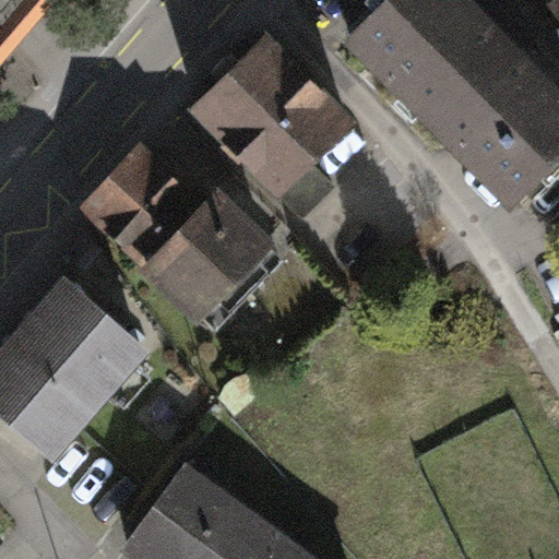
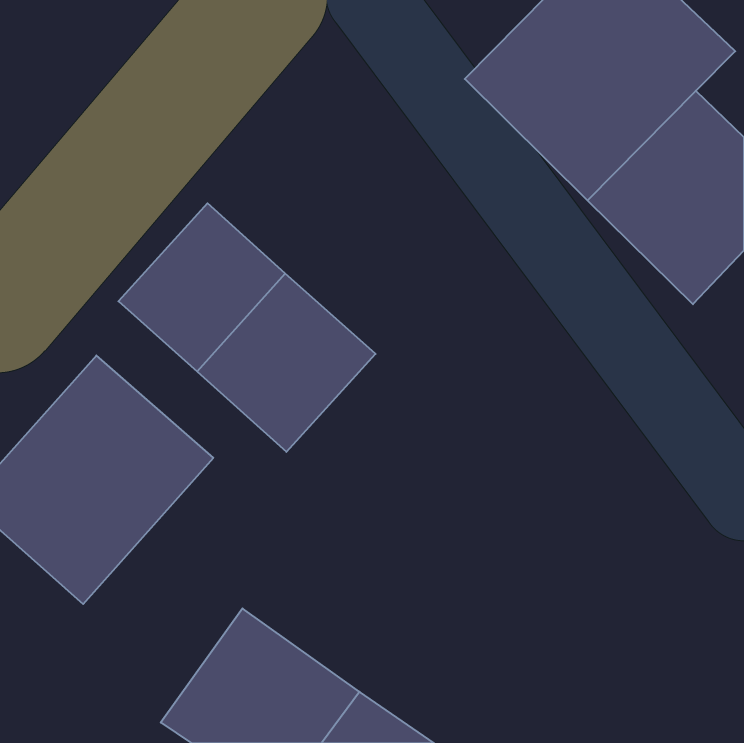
building: [189,50,364,226] -> none

